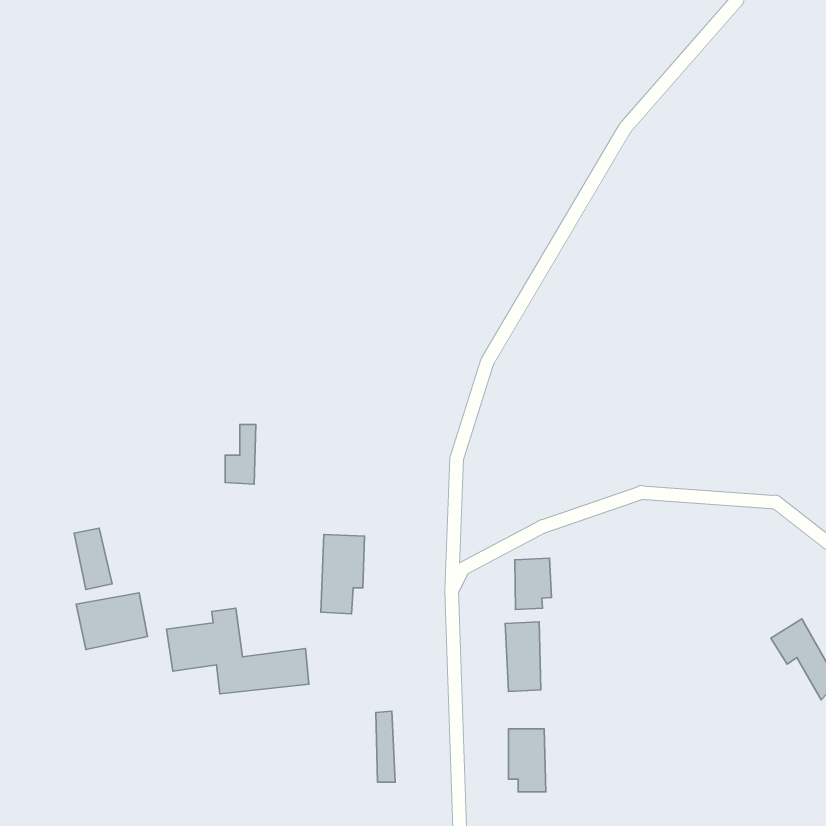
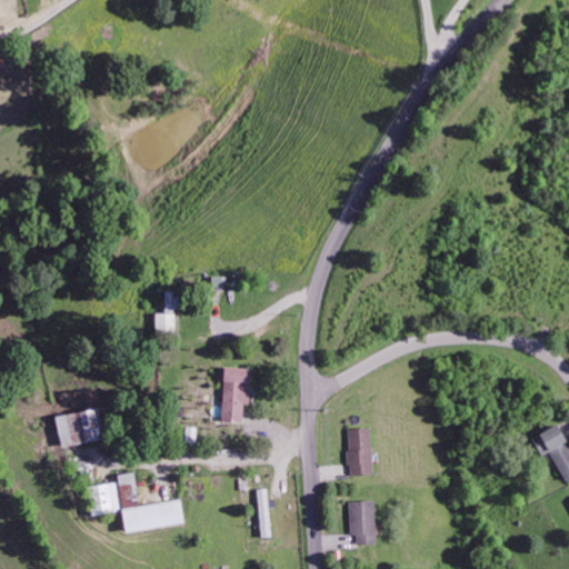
building: [74,528,112,589] -> none
building: [515,558,551,609] -> none
building: [166,608,309,694] -> [86,472,183,531]

